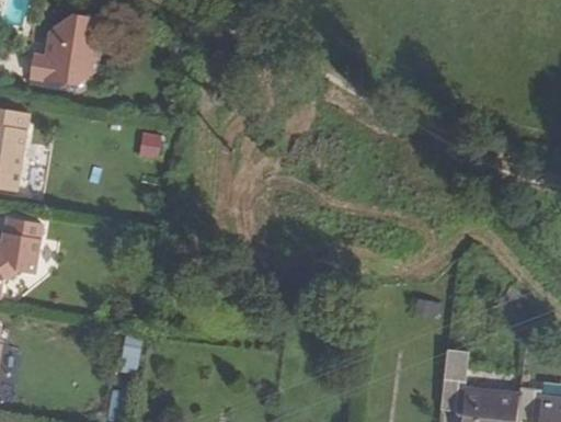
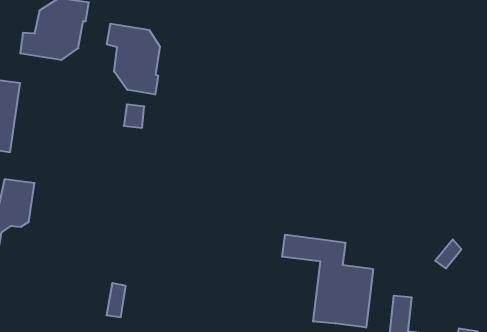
building: none -> [107,24,160,95]
building: none -> [282,235,373,328]

